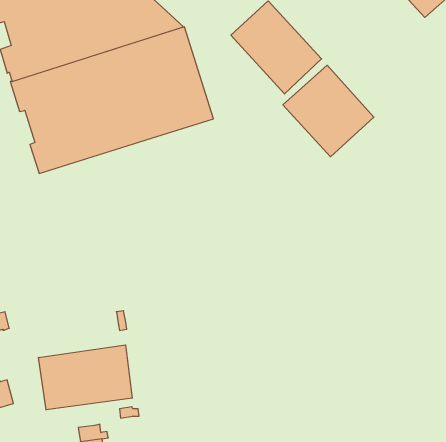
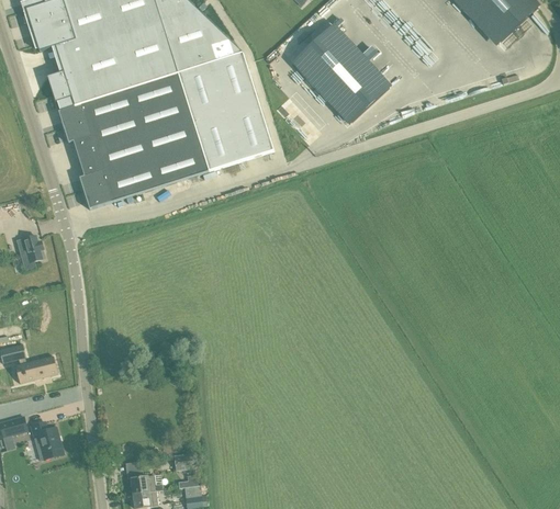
building: [283,65,374,157] -> none
building: [39,345,132,410] -> none

